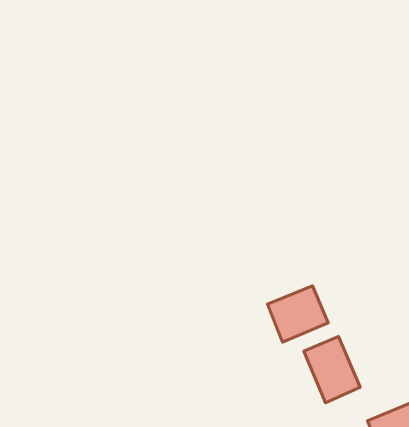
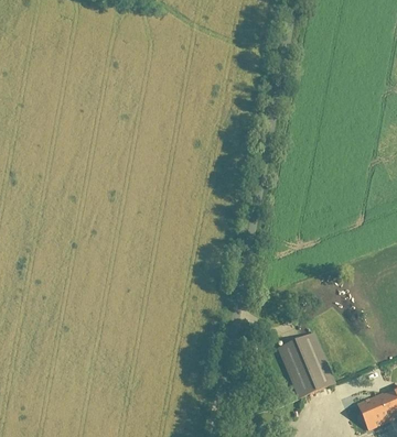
building: [267,286,328,342] -> none

